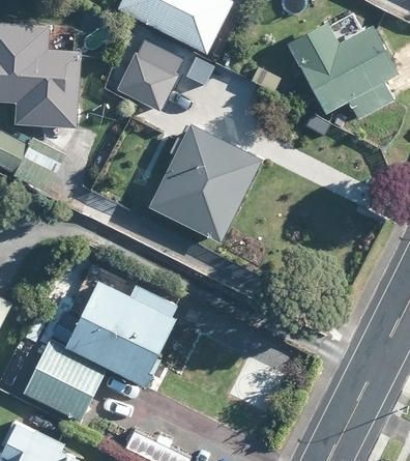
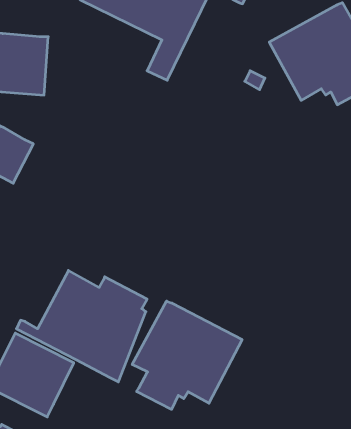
building: [110,40,179,112] -> none
building: [149,121,263,242] -> none
building: none -> [132,301,242,409]

